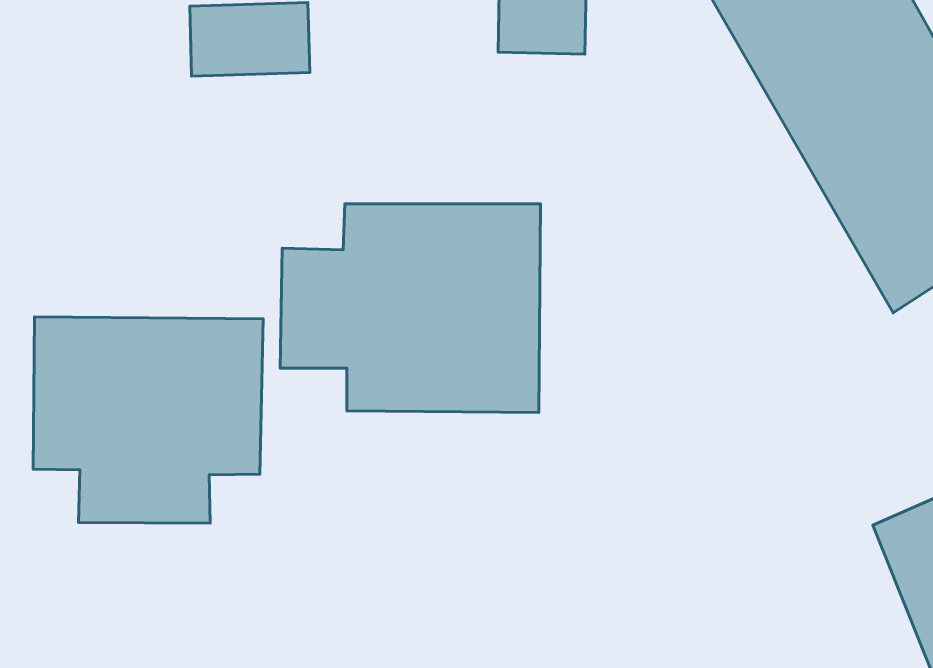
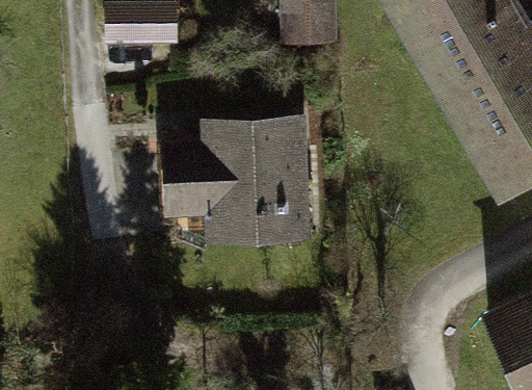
building: [33,317,263,523] -> none

